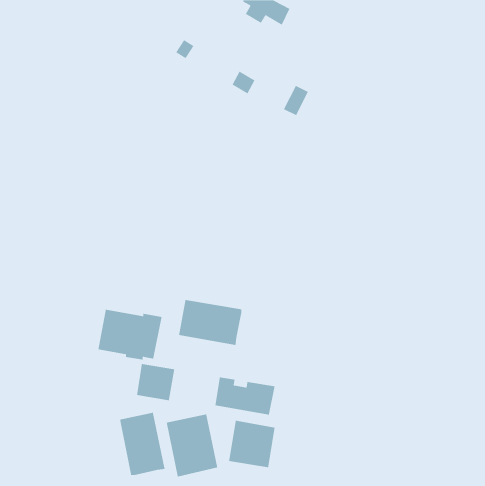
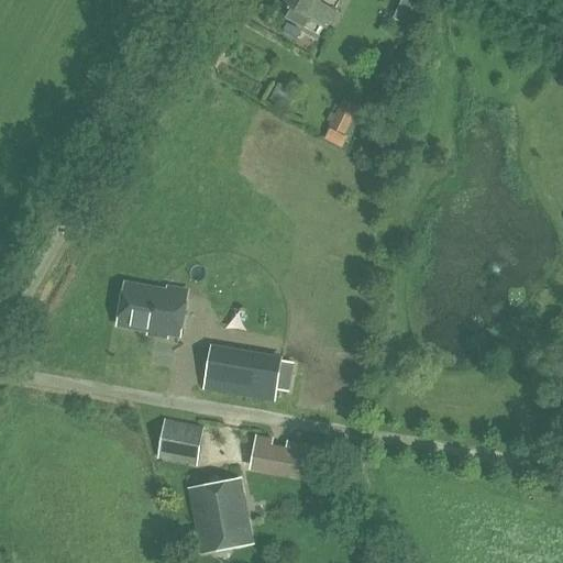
building: [98,309,162,360] -> [112,279,187,339]
building: [119,412,166,476] -> none
building: [228,420,276,468] -> none

